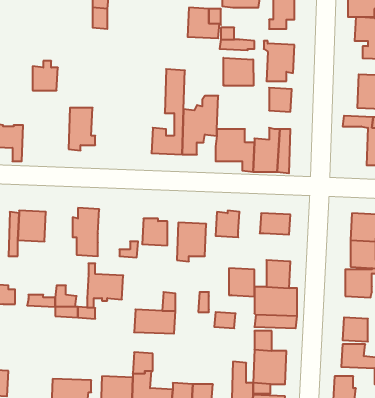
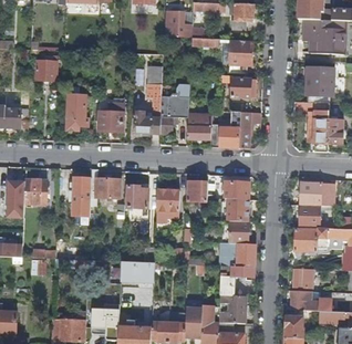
building: [223,58,253,86] -> none
building: none -> [97,103,123,132]
building: [87,263,123,308] -> [90,169,120,206]
building: [229,268,254,296] -> [227,198,248,221]

